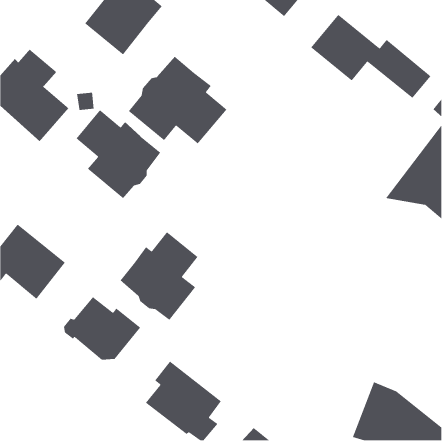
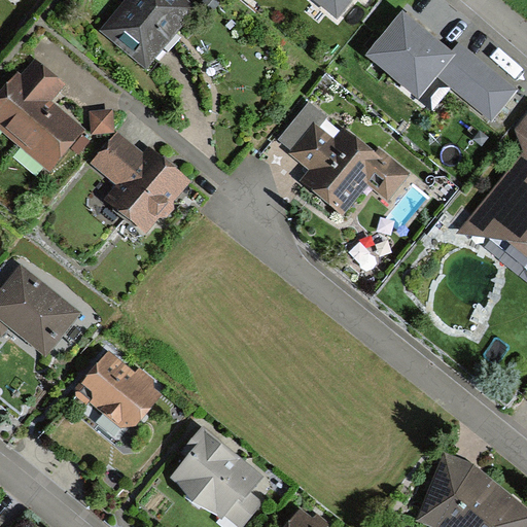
building: [128,56,227,144] -> none
building: none -> [286,120,408,215]
building: [119,231,199,321] -> none

